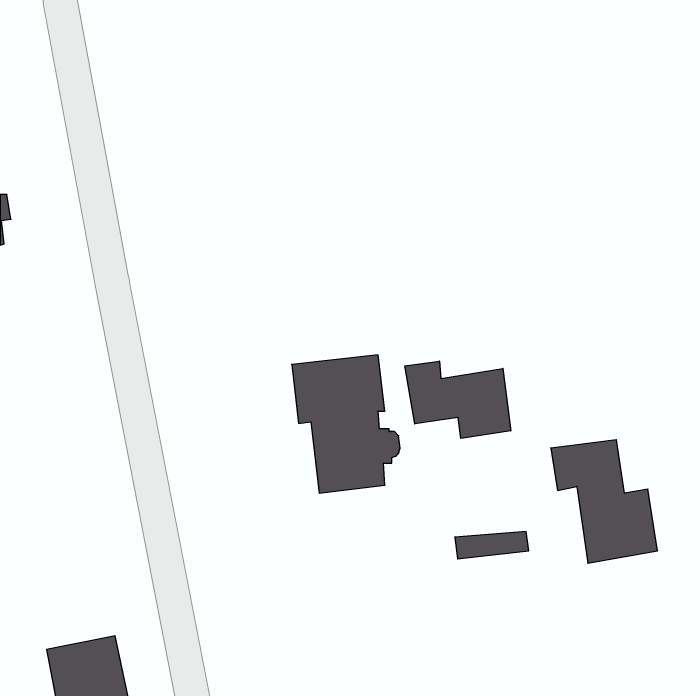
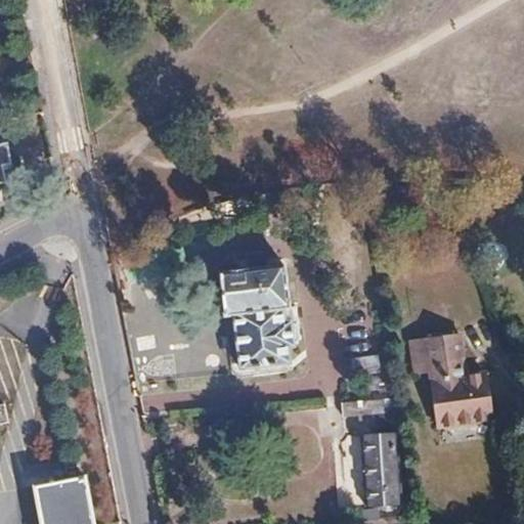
building: [405,361,511,438] -> none
building: none -> [360,434,400,509]

